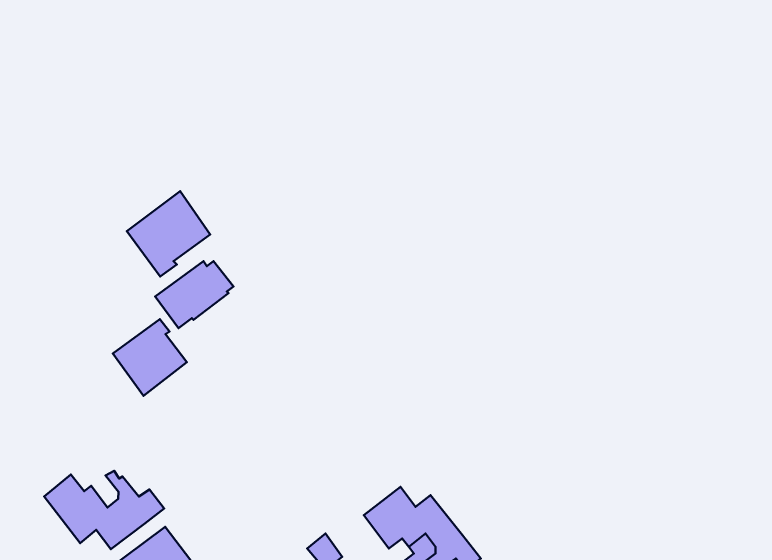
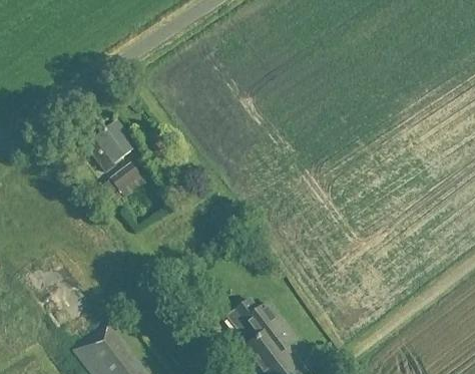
building: [113,319,187,396] -> none
building: [44,471,164,549] -> none

